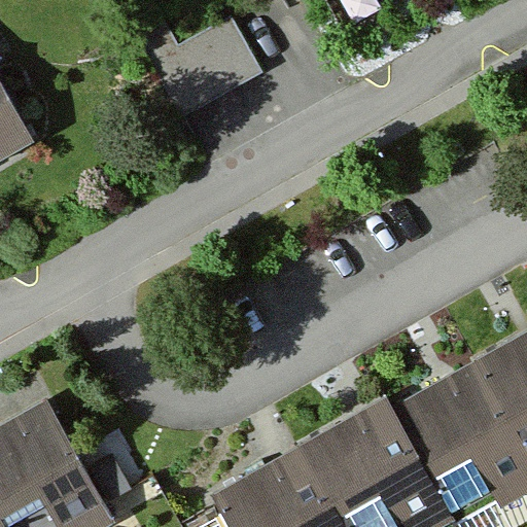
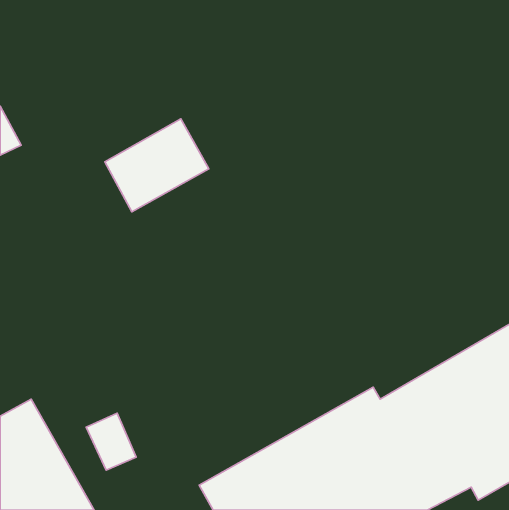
building: [144,26,251,121] -> [105,119,209,212]

